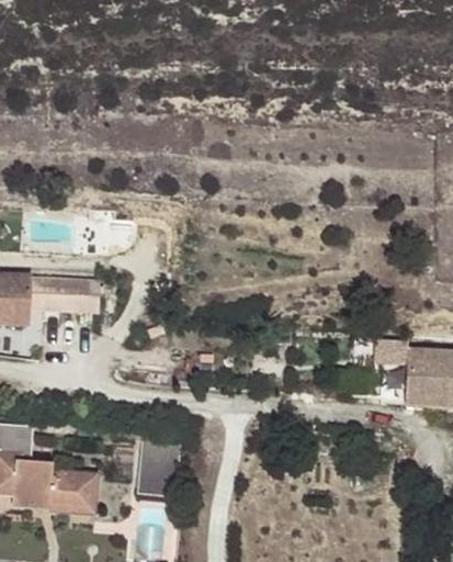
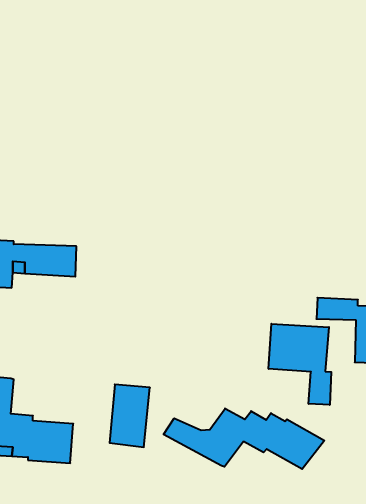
building: none -> [269,324,331,405]
building: none -> [164,408,324,469]

